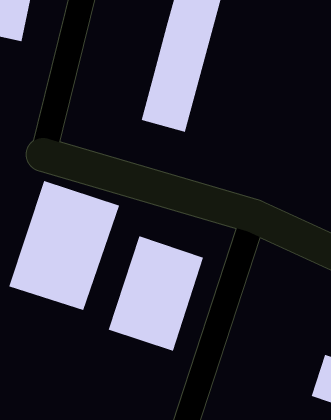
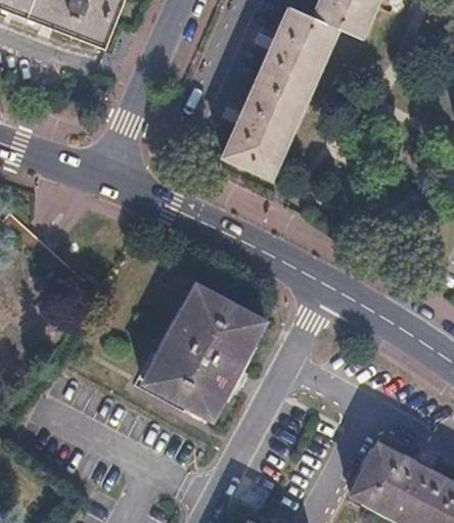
building: [8,180,120,311] -> none

